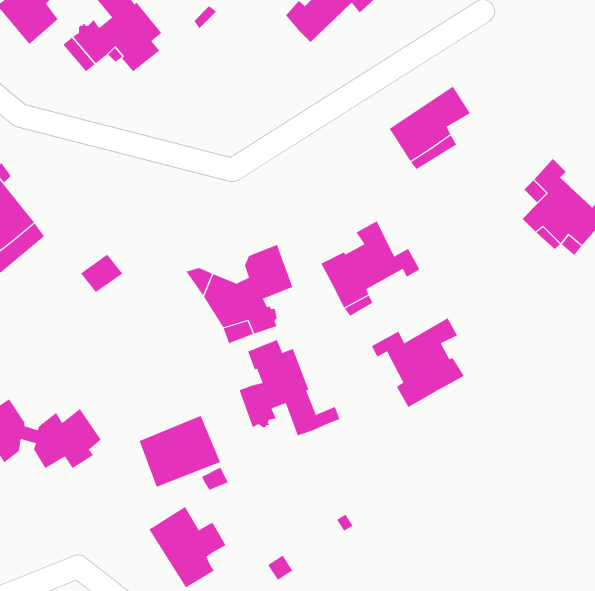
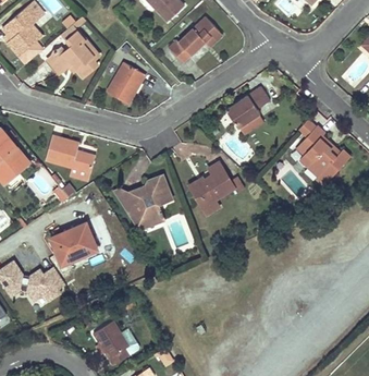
building: none -> [106,62,144,104]
building: none -> [45,134,93,172]
building: [371,318,464,408] -> none
building: [239,339,340,436] -> none
building: [139,415,221,488] -> [53,225,99,265]

